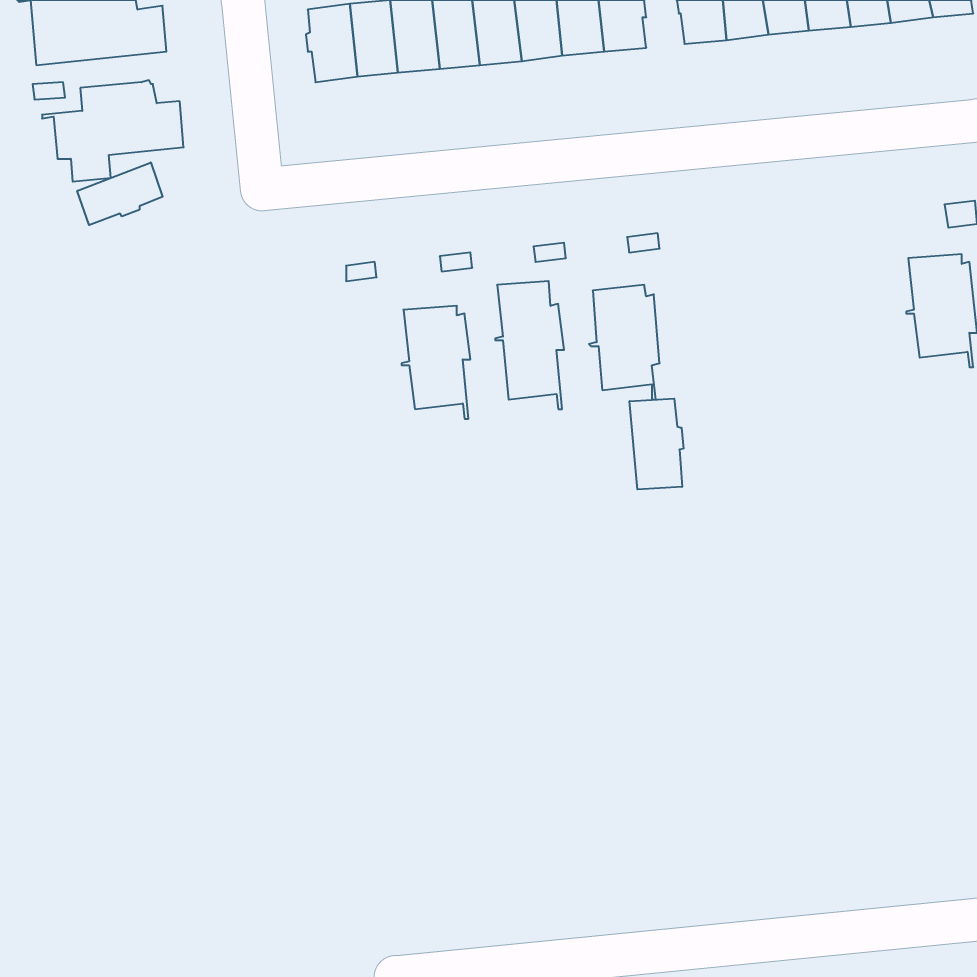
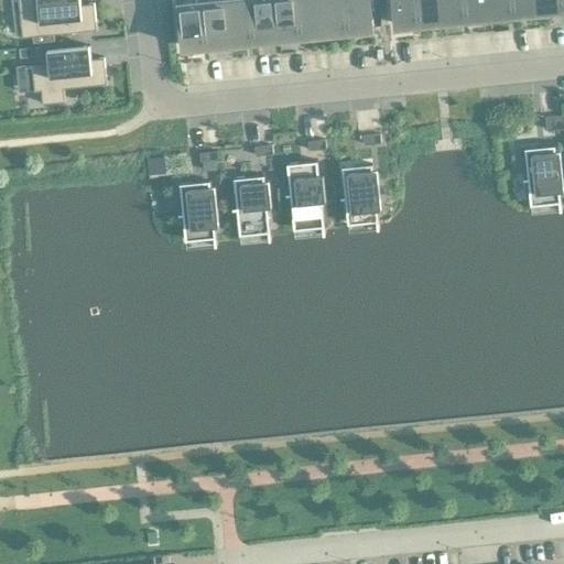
building: [77,162,163,225] -> none
building: none -> [177,182,218,248]
building: [630,399,683,489] -> none

